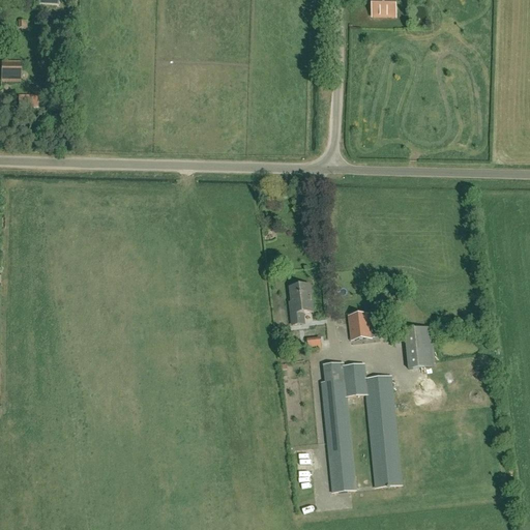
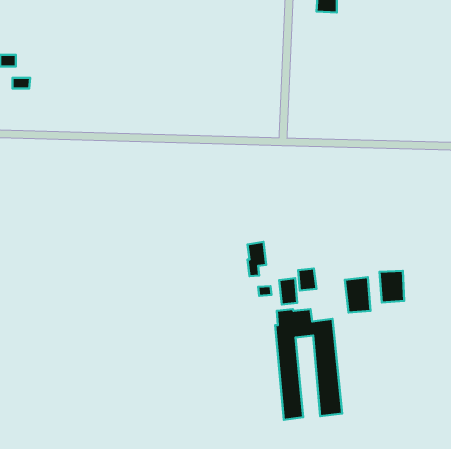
building: none -> [379,271,404,303]
building: none -> [279,278,297,304]

